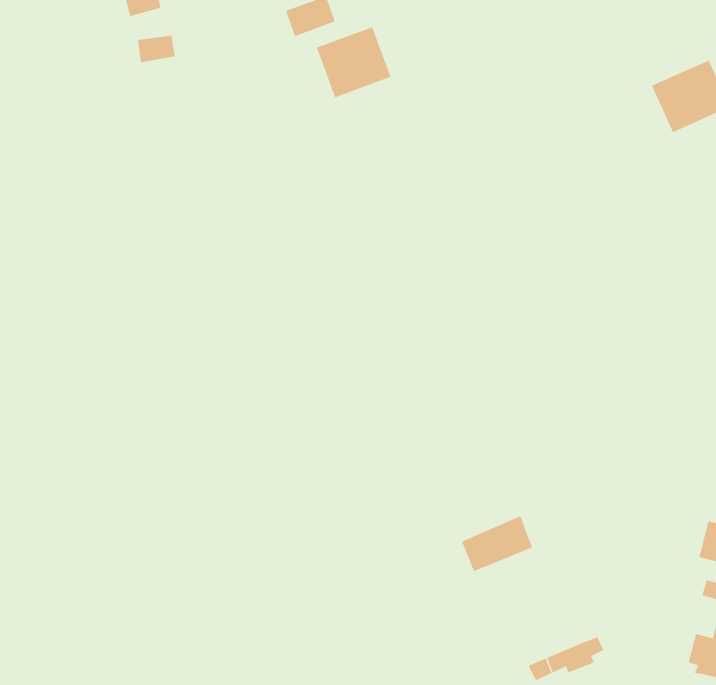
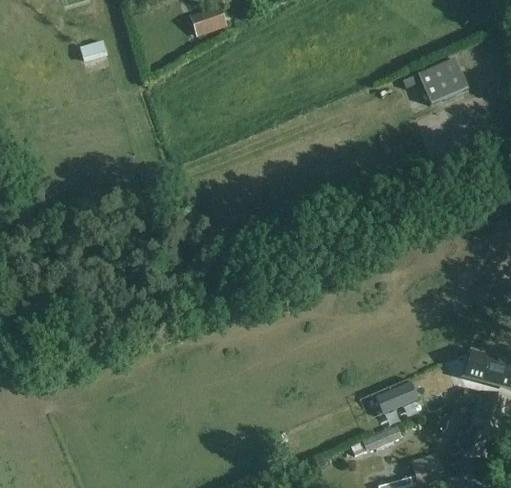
building: [316,27,391,98] -> none
building: [461,515,533,572] -> [366,380,413,417]

